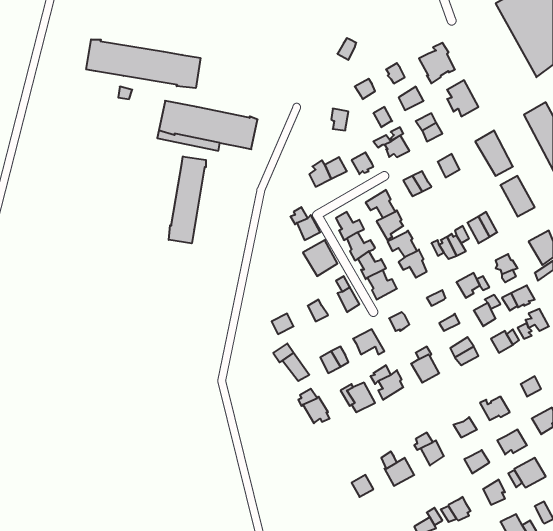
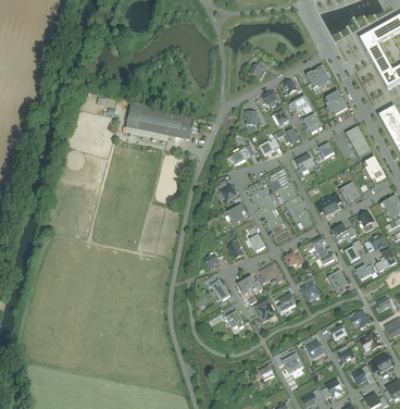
building: [86,39,200,88] -> none
building: [169,156,206,243] -> none

